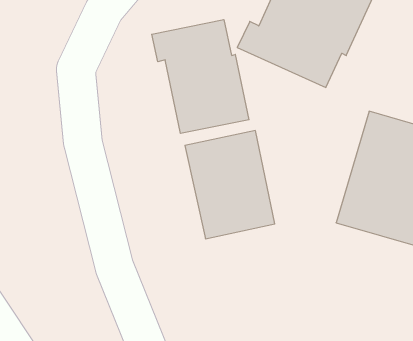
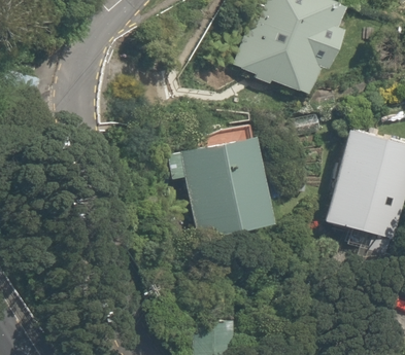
building: [152,20,249,133] -> none

